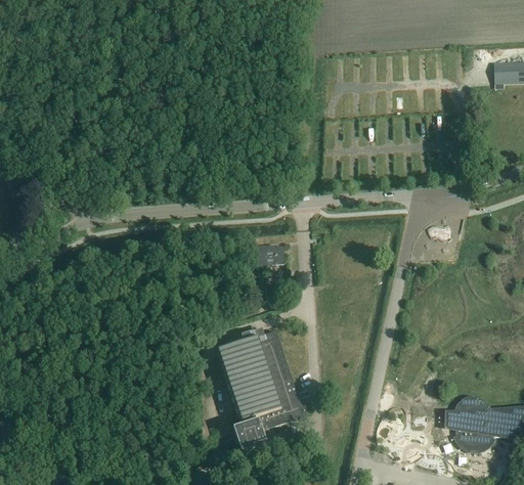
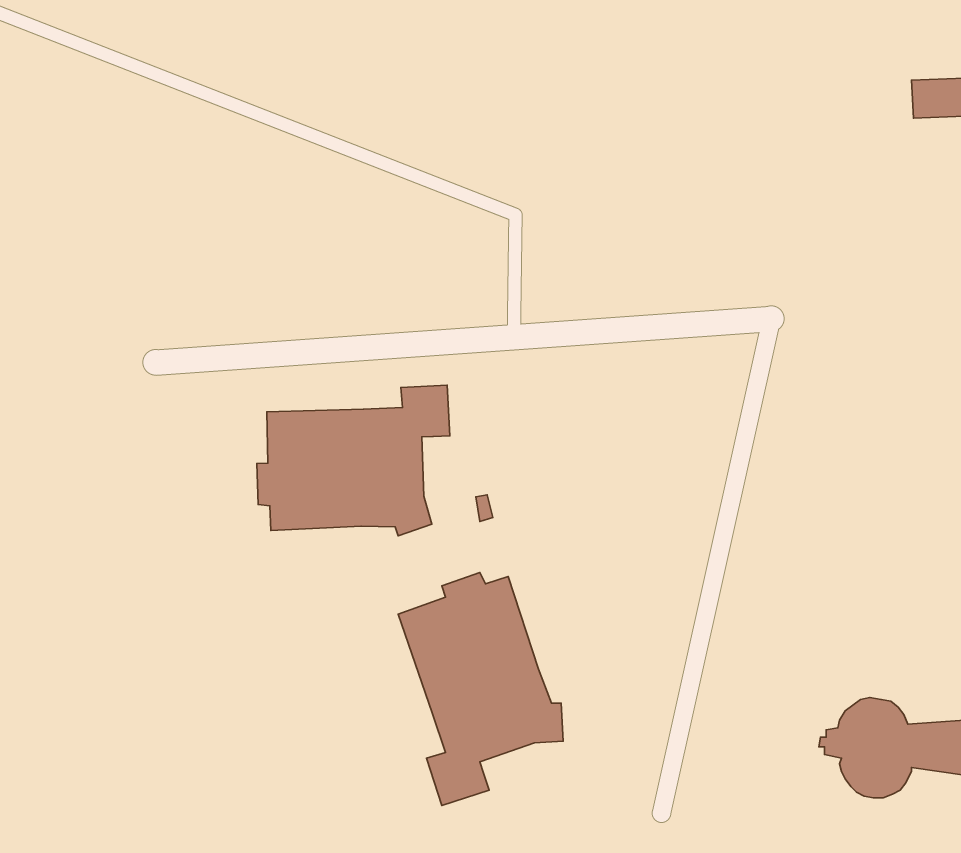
building: none -> [257,385,450,536]
building: [255,245,285,268] -> none

